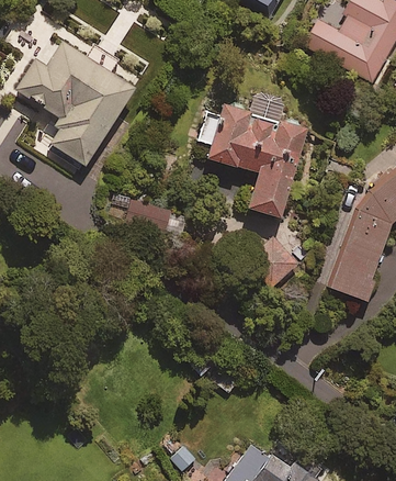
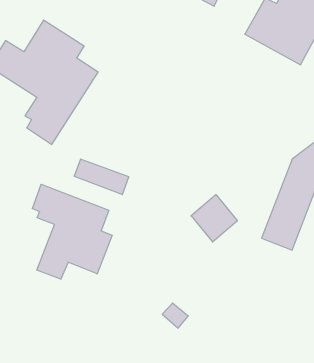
building: [200,93,306,220] -> none
building: none -> [32,184,112,279]

